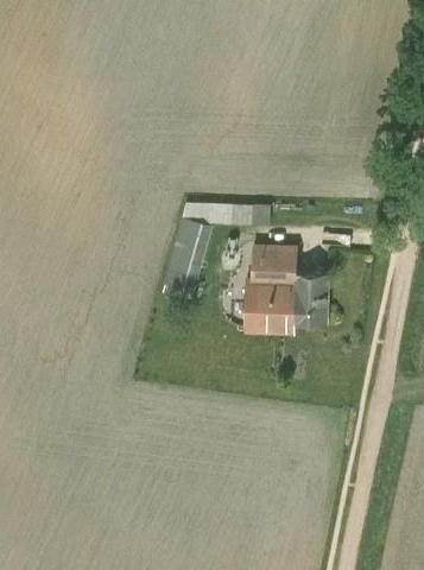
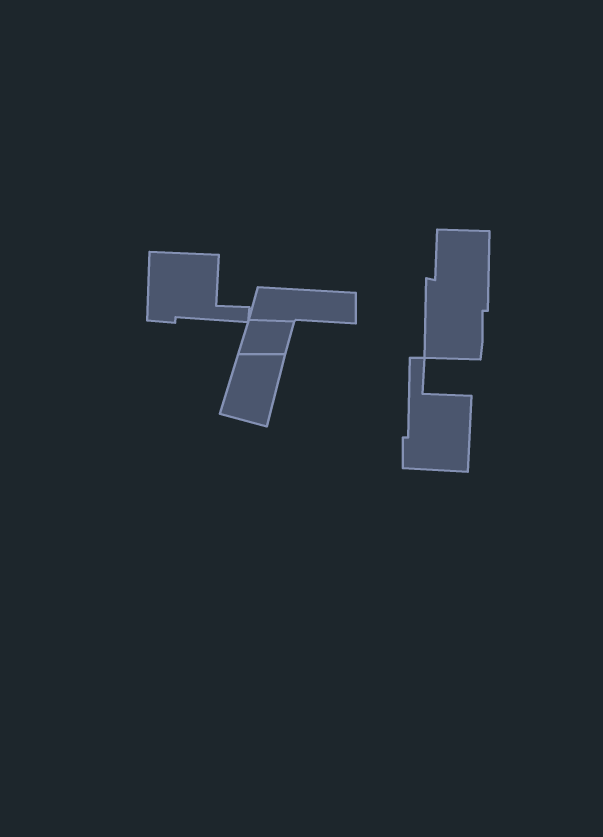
building: none -> [147,252,249,323]
building: [245,246,287,331] -> [424,229,490,360]

